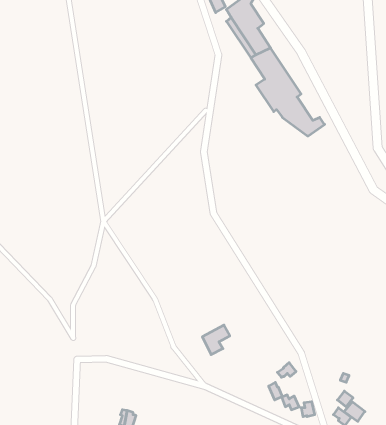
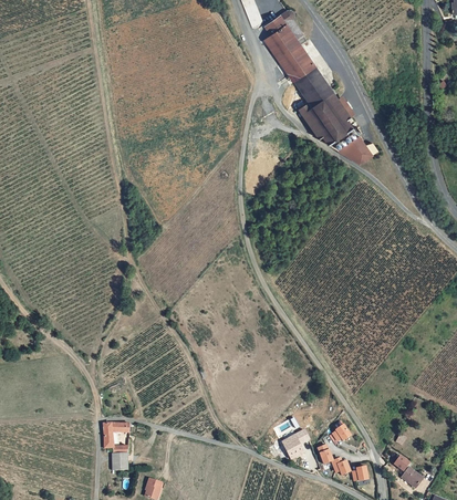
building: [202,325,230,355] -> [279,428,310,461]
building: none -> [103,424,132,466]

